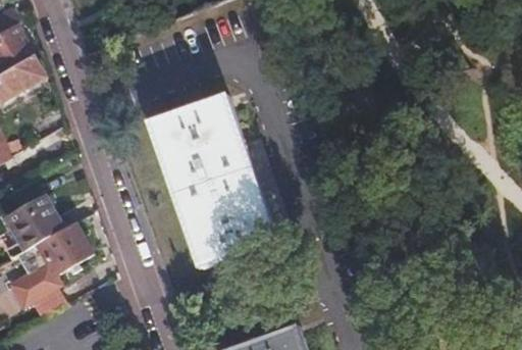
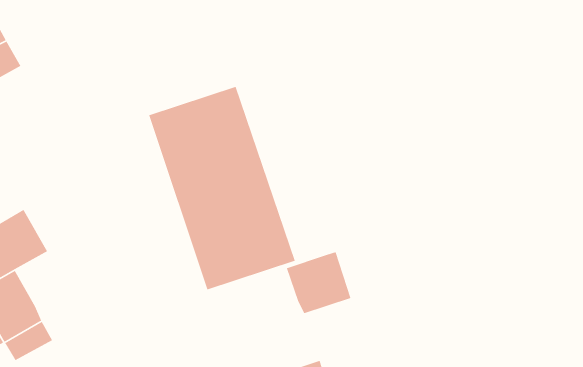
building: [38,227,99,279] -> none
building: none -> [286,251,351,314]

